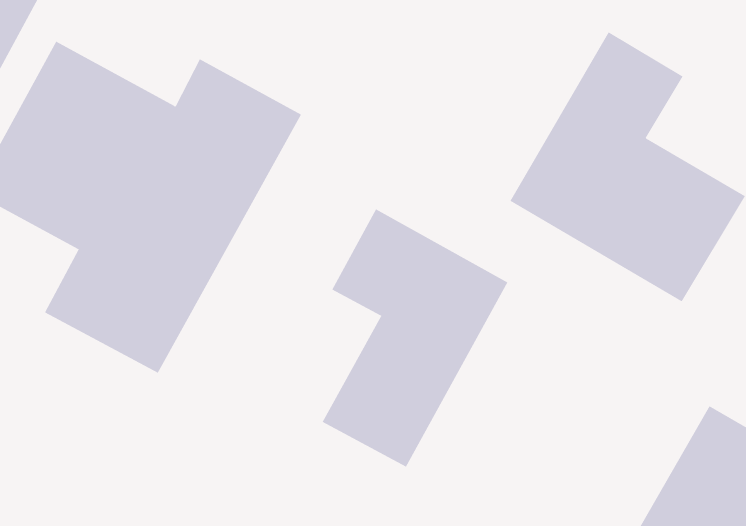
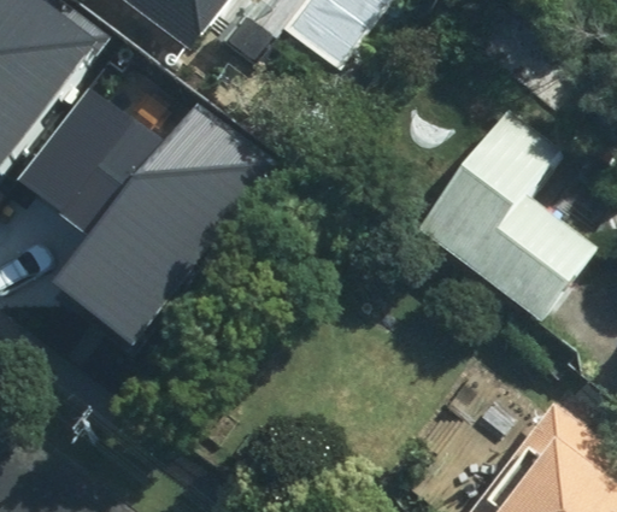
building: [322,209,508,467] -> none

